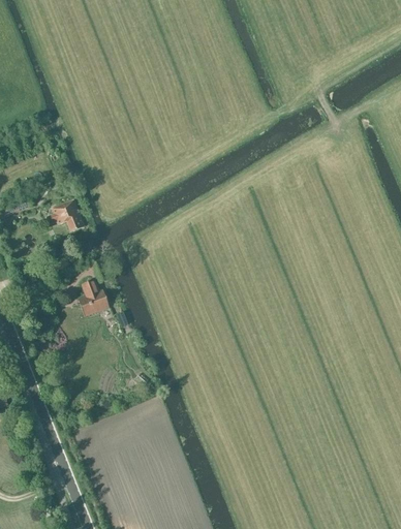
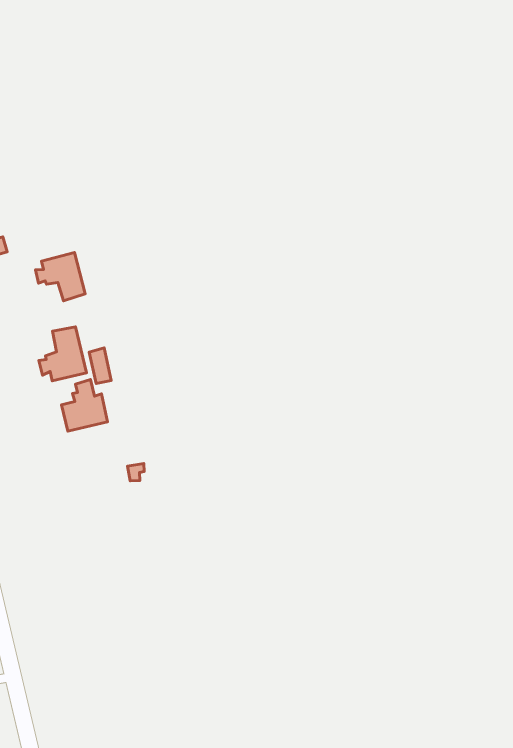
building: none -> [39,327,86,381]

